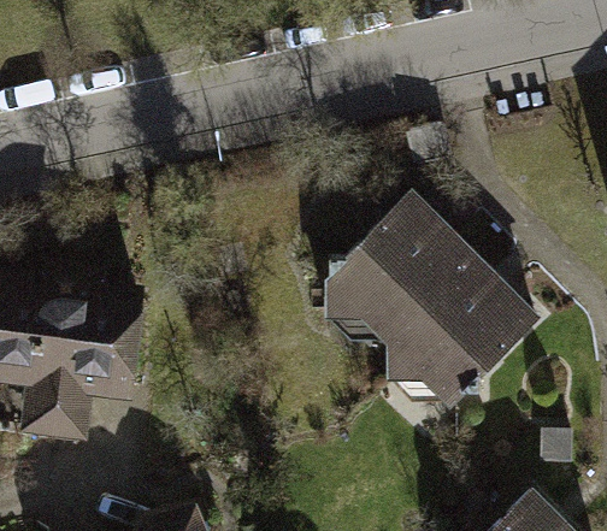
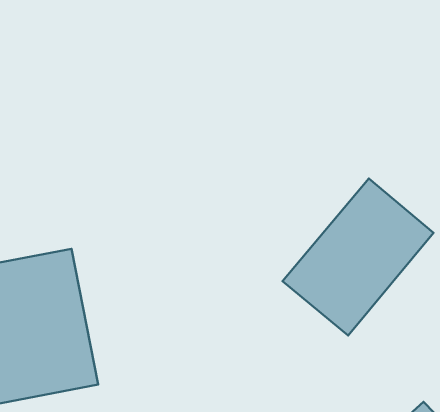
building: [305,185,473,353] -> none

